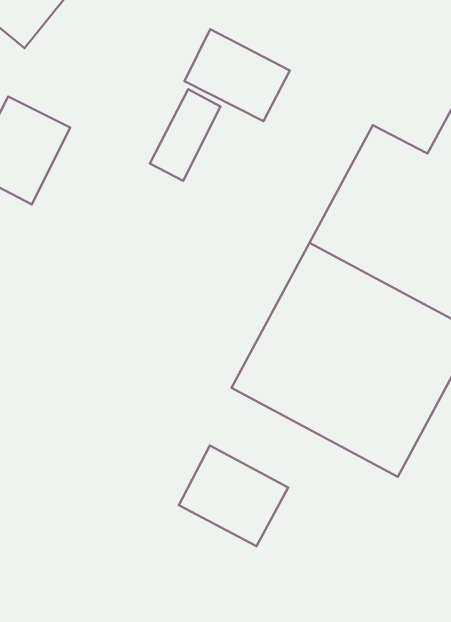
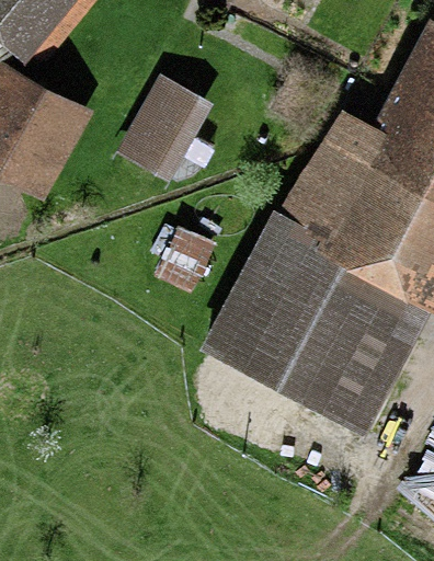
building: [185,29,290,121] -> none
building: [179,446,288,546] -> none

